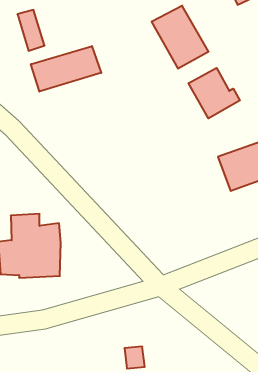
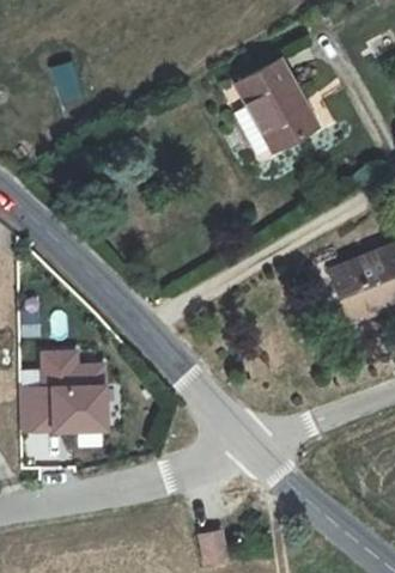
building: [31,46,101,92] -> none
building: [189,68,240,118] -> none

